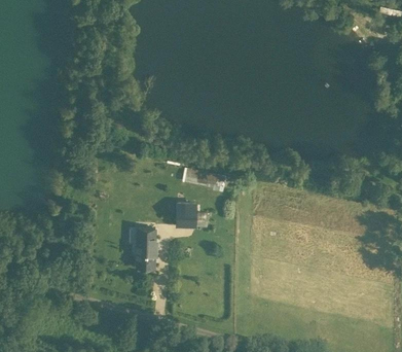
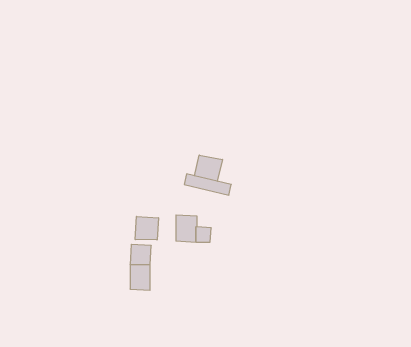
building: none -> [194,155,222,181]
building: none -> [135,216,158,240]

